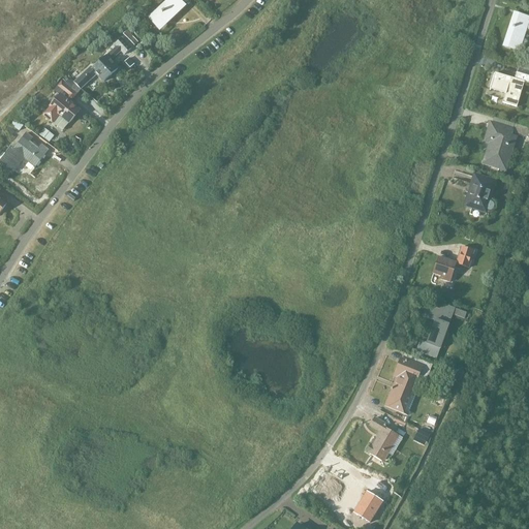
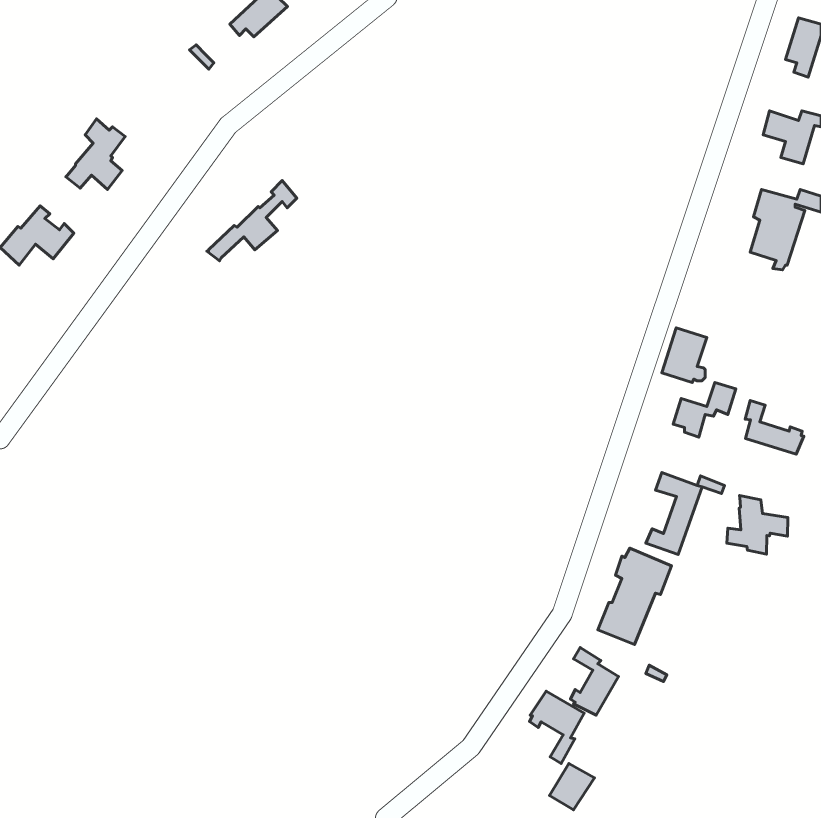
building: [72,36,130,88] -> [207,181,297,261]
building: [465,175,494,210] -> [662,328,707,382]
building: none -> [745,400,804,454]
building: none -> [727,495,788,554]
building: none -> [529,691,584,763]

